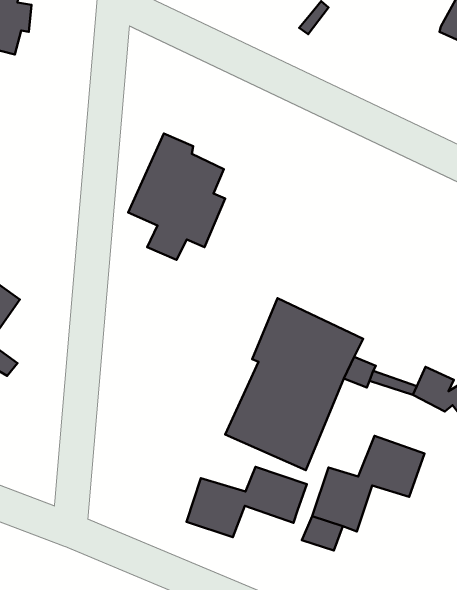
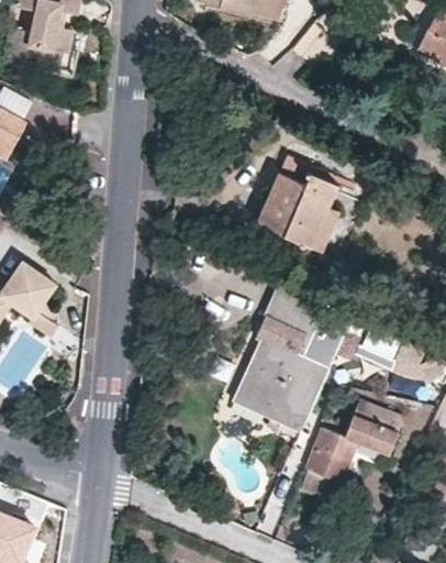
building: [128,134,225,260] -> [258,154,342,263]
building: [187,467,307,537] -> none

